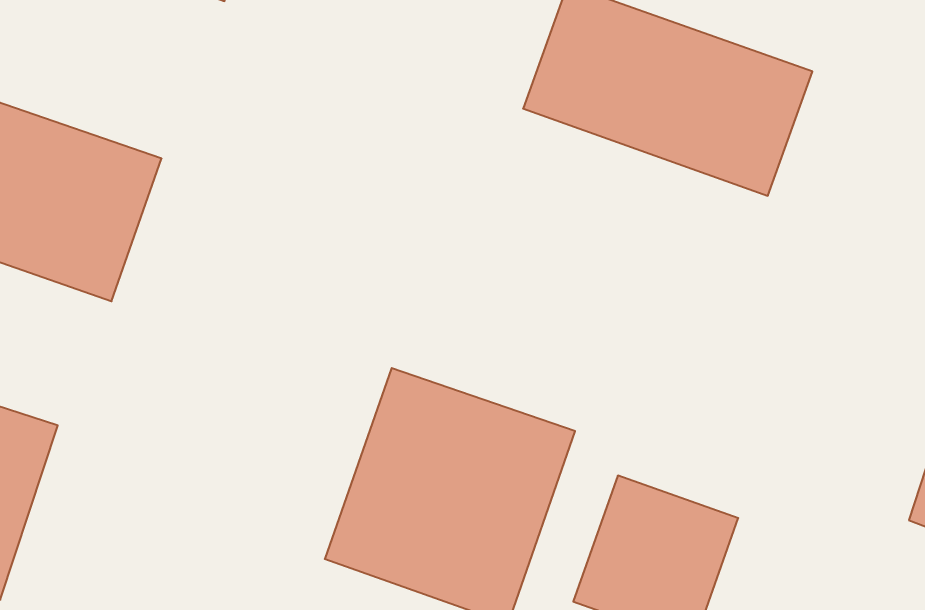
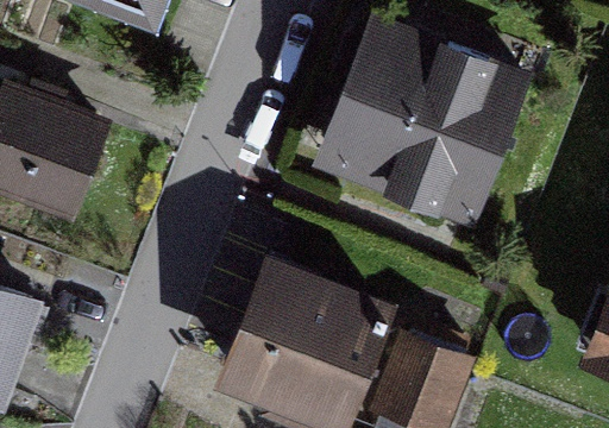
building: none -> [316,97,497,221]

